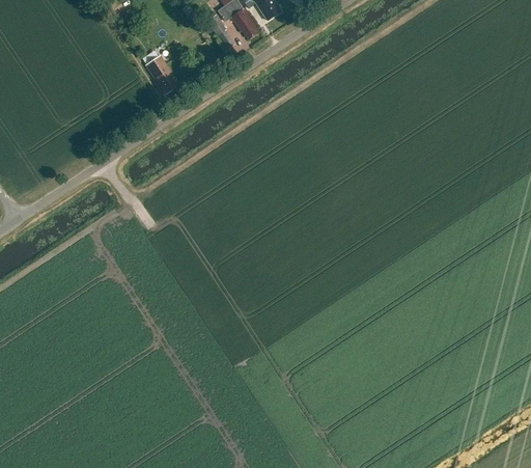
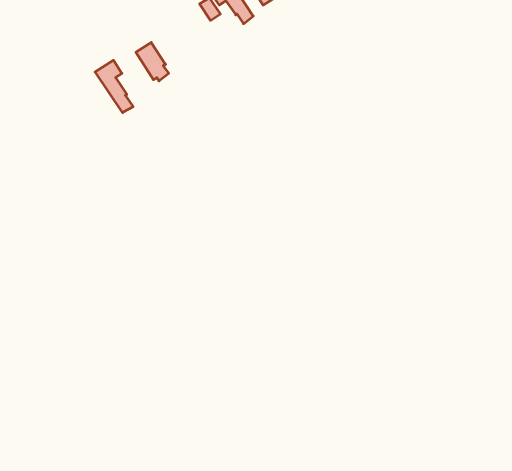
building: none -> [95,60,133,113]

